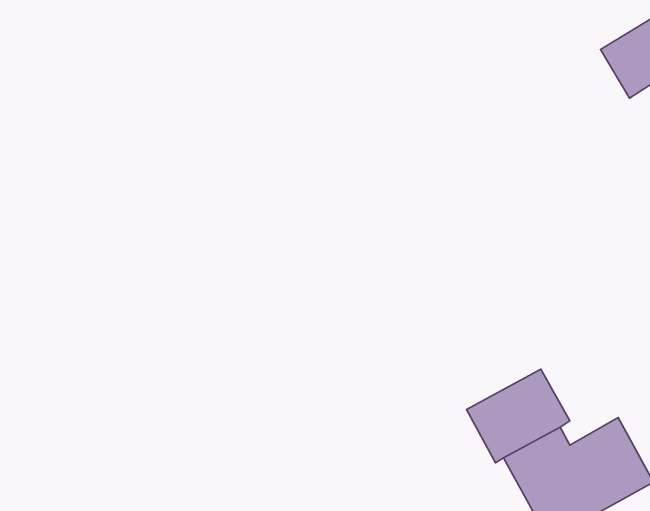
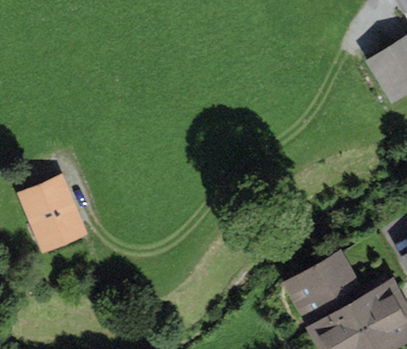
building: none -> [27,182,76,239]

